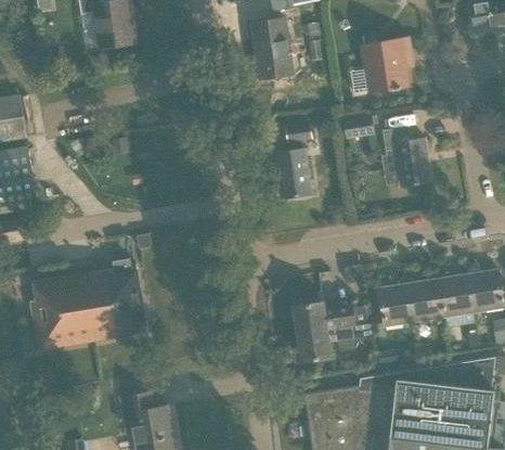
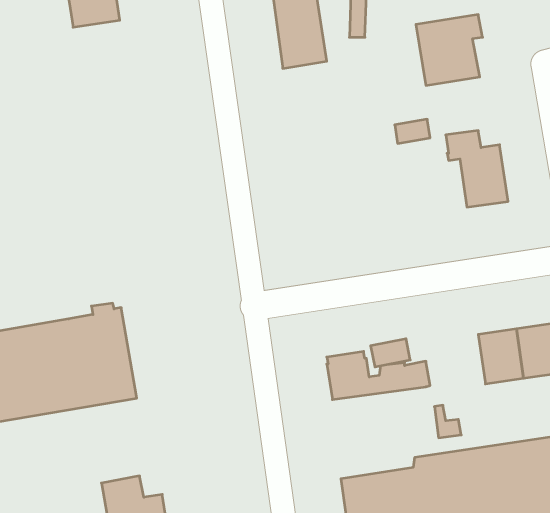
building: [270,124,311,197] -> none
building: [378,283,414,325] -> none
building: [297,323,371,361] -> none

